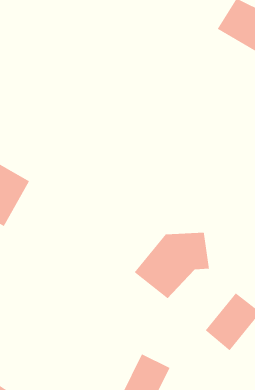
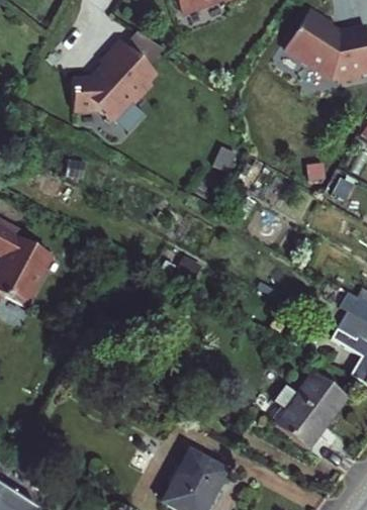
building: none -> [70,21,159,110]
building: [134,232,210,299] -> none

